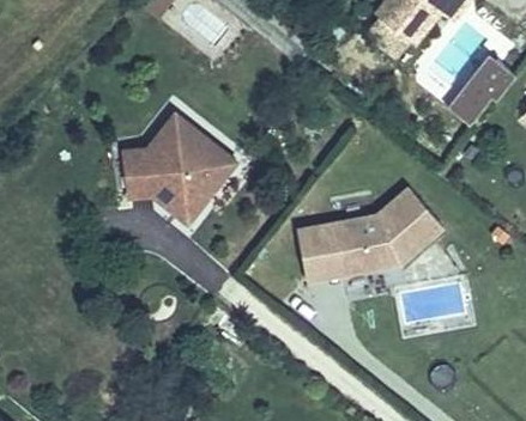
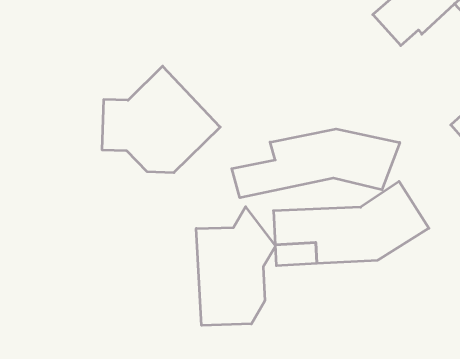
building: none -> [232,129,400,198]
building: none -> [196,207,275,325]

